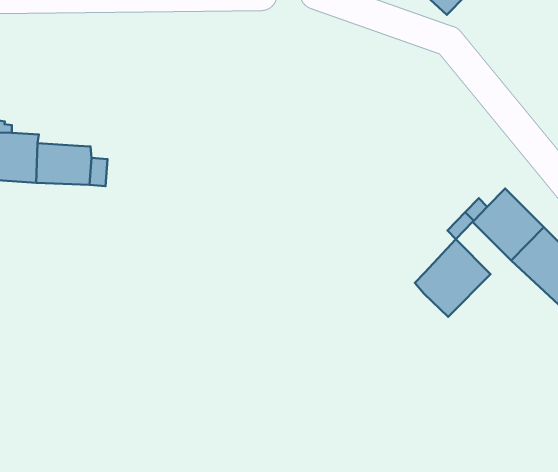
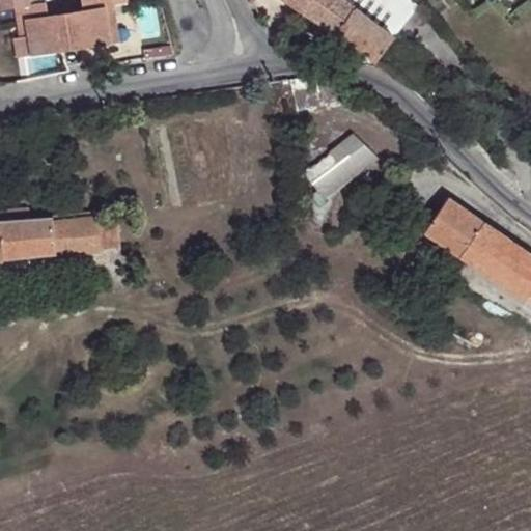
building: none -> [305,138,374,202]
building: [415,239,490,317] -> none

